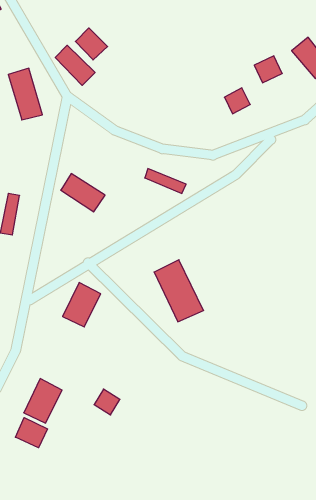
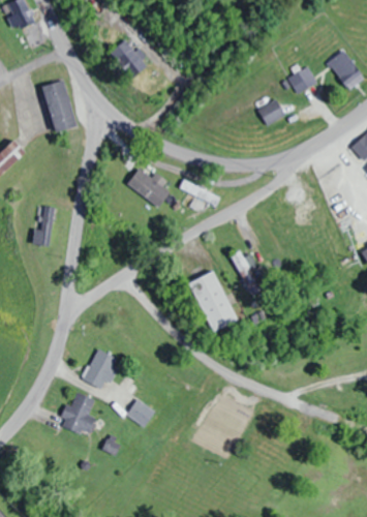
building: [55,45,95,85] -> none
building: [61,174,105,212] -> [126,169,171,207]
building: none -> [230,251,262,297]
building: [63,283,101,327] -> [81,348,119,393]
building: [15,418,48,448] -> none

